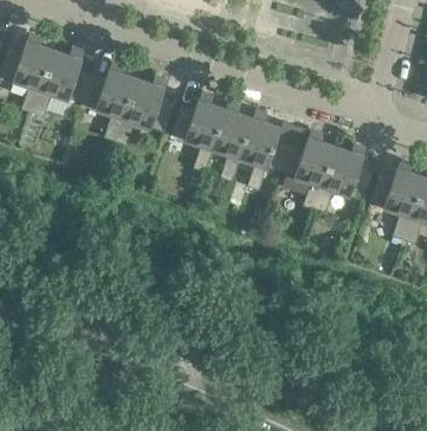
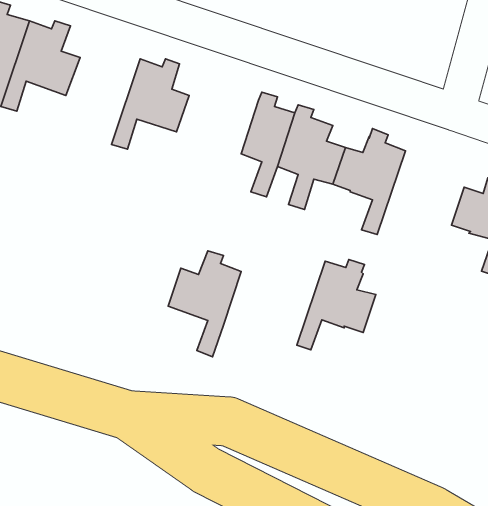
building: [80,63,136,142] -> none
building: [170,94,225,173] -> [168,251,241,357]
building: [313,146,373,213] -> [297,260,376,350]

